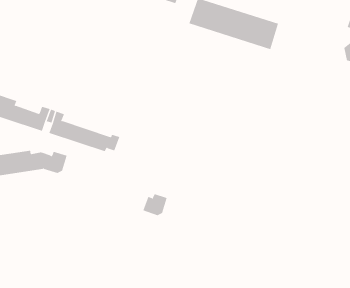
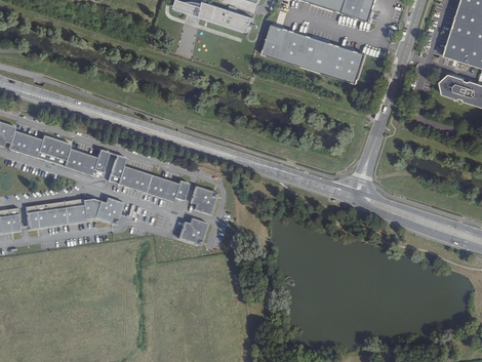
building: none -> [185,185,210,213]
building: [142,194,167,216] -> [173,215,202,241]

